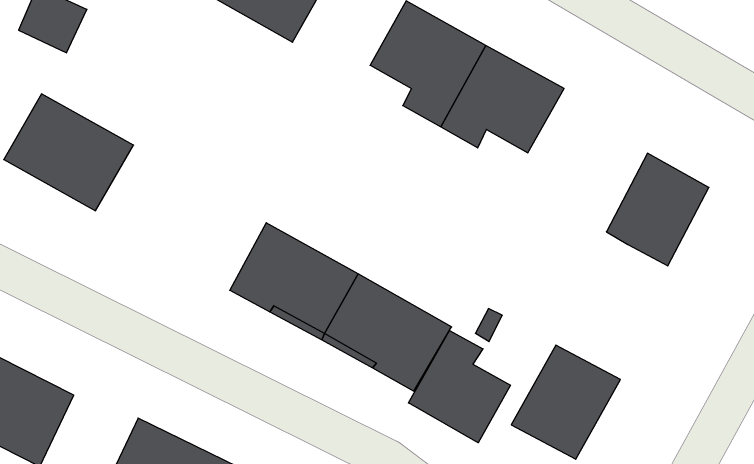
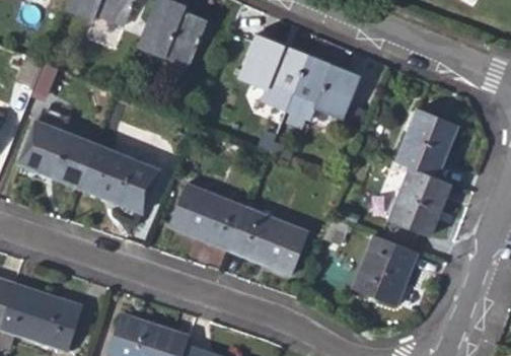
building: none -> [79,145,158,212]
building: none -> [390,167,450,235]
building: [408,331,510,443] -> none

